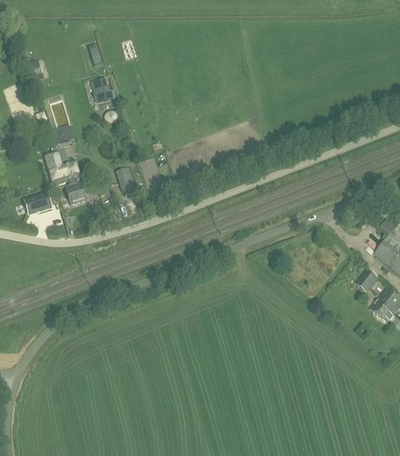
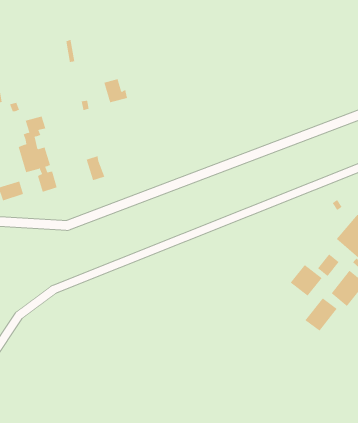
building: [89,76,115,101] -> [104,79,128,103]
building: none -> [290,264,322,297]
building: none -> [305,297,338,332]

